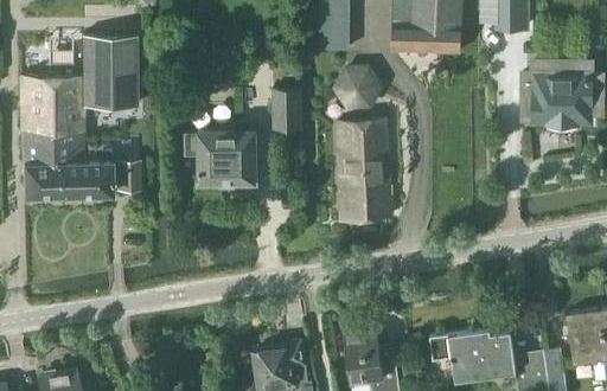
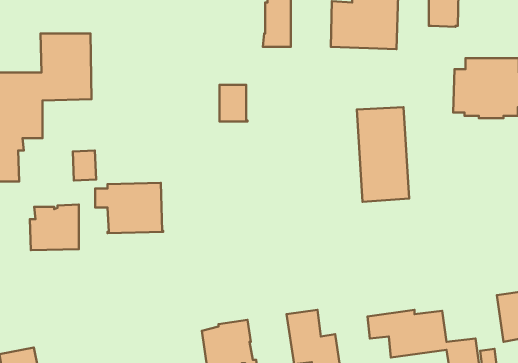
building: [336,68,382,109] -> none
building: [337,121,392,222] -> [357,107,409,202]
building: [185,130,257,184] -> [95,183,163,233]
building: [58,146,110,194] -> [30,205,79,250]

